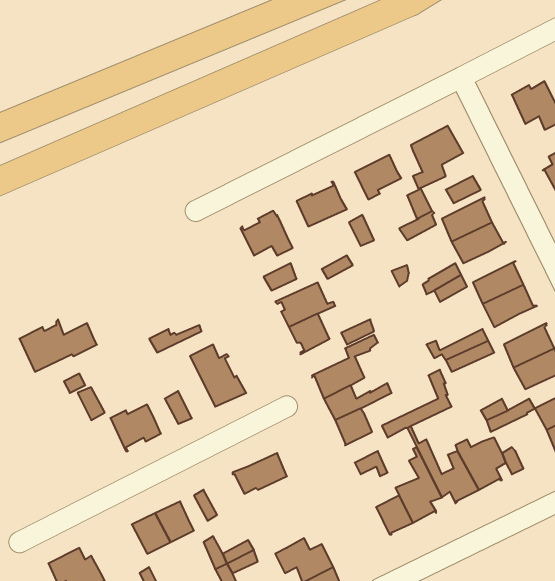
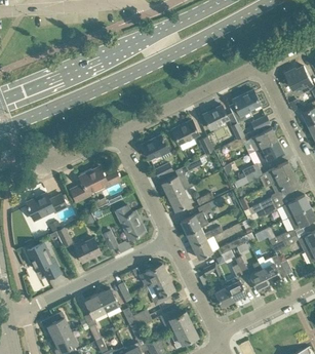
building: none -> [72,166,120,202]
building: none -> [27,243,61,278]
building: none -> [152,275,174,305]

